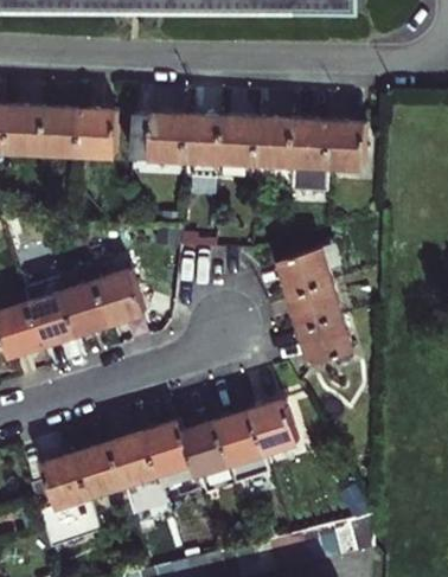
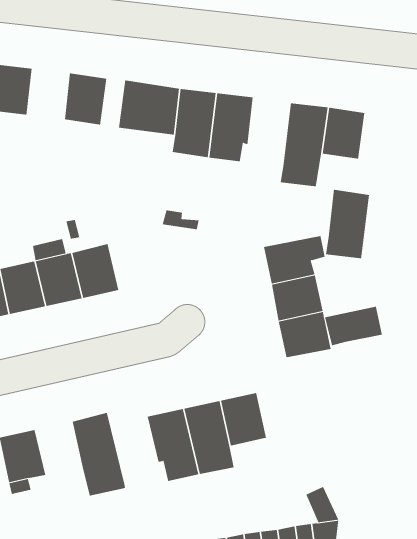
building: [41,108,78,154] -> none
building: [254,117,292,181] -> [325,189,370,259]
building: none -> [325,306,382,346]
building: [142,419,199,498] -> none
building: [75,442,122,495] -> none

